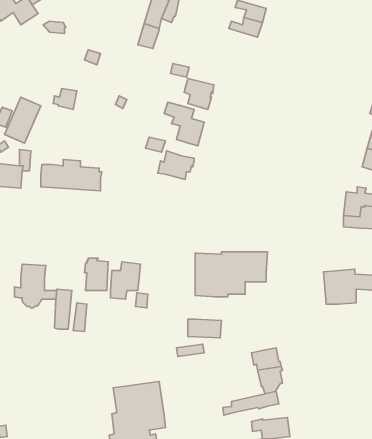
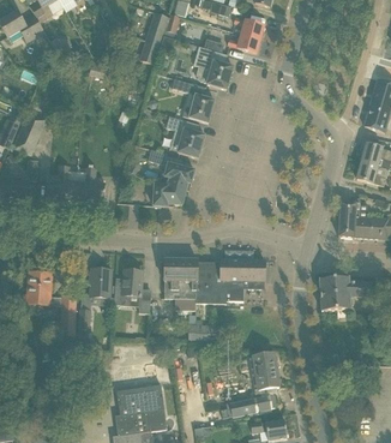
building: none -> [193,46,233,89]
building: none -> [152,184,186,206]
building: none -> [163,258,197,310]

